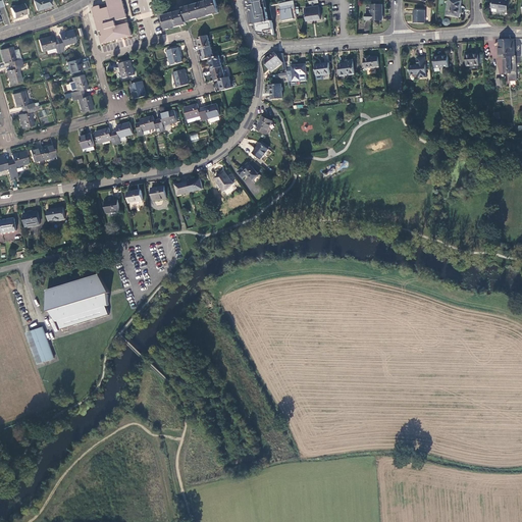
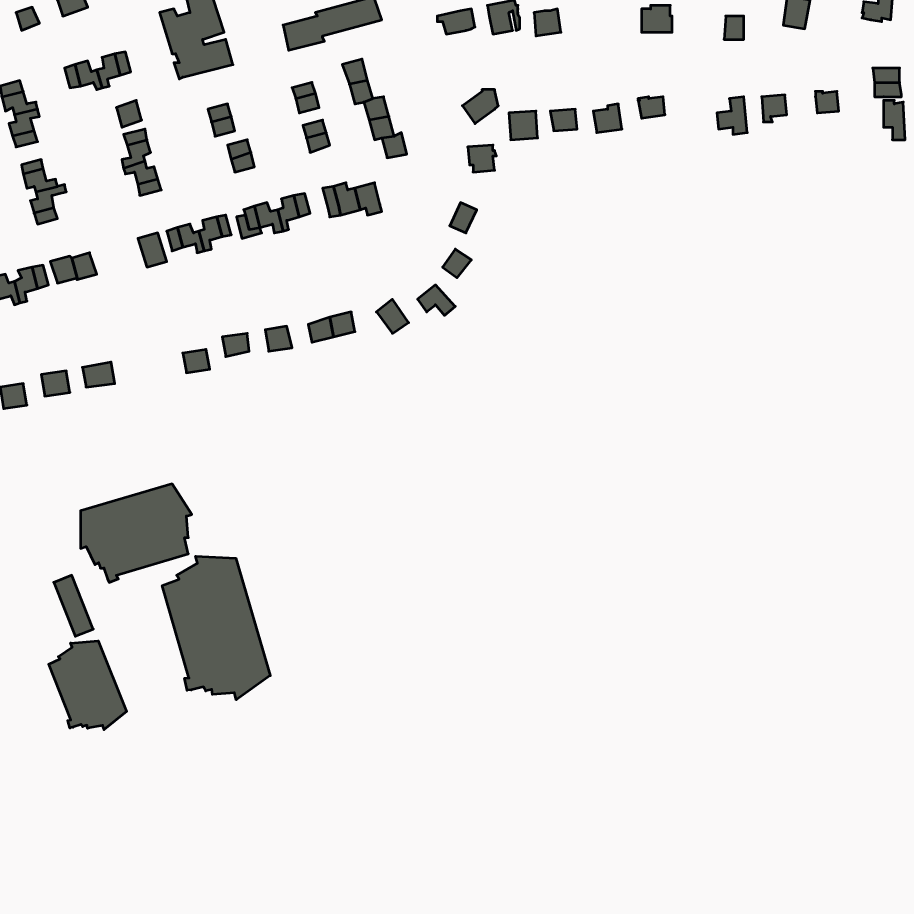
building: none -> [162,556,270,700]
building: none -> [49,641,127,730]

